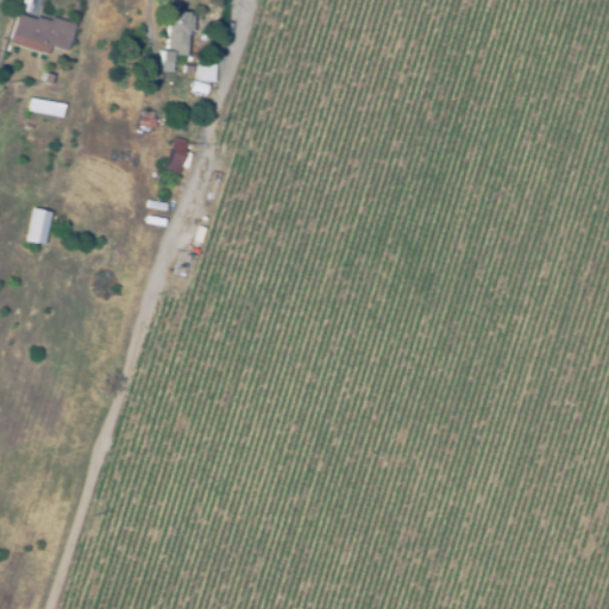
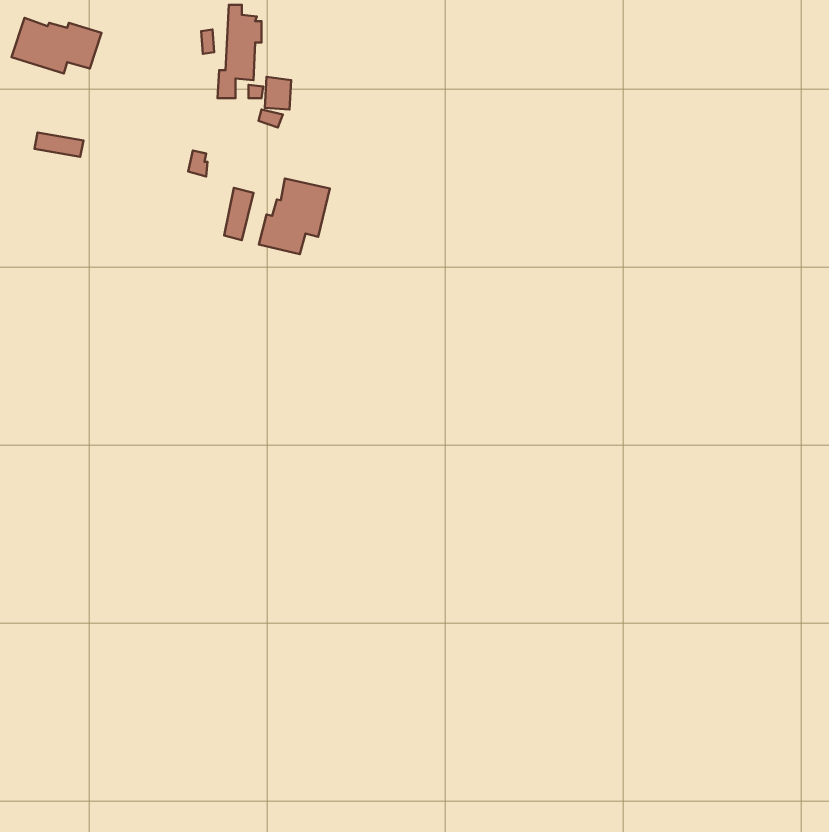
building: none -> [259,178,330,254]
building: [27,208,55,245] -> none

